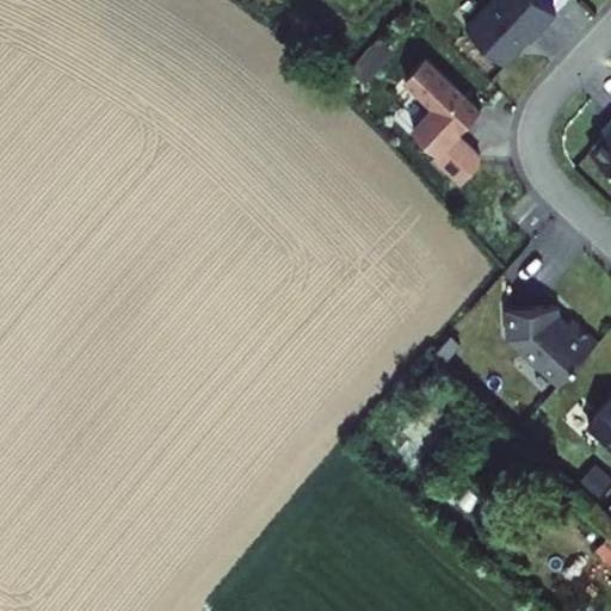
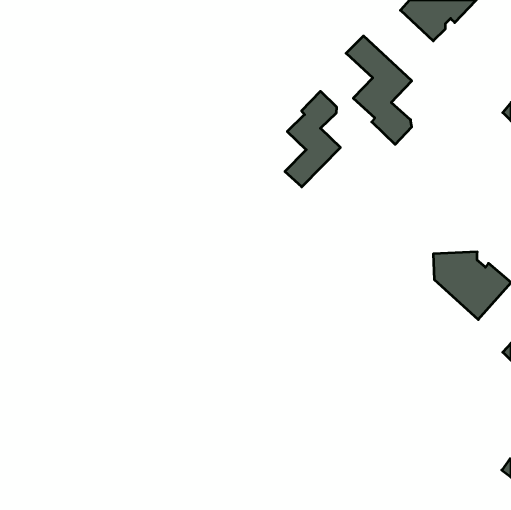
building: none -> [285,91,340,187]

